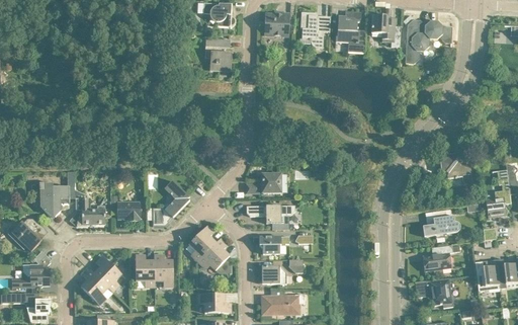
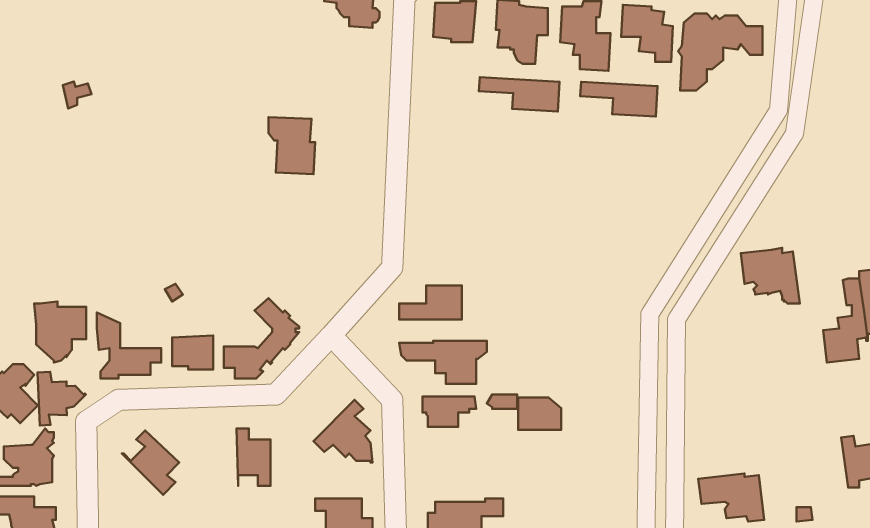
building: [205,38,232,71] -> [269,117,315,174]
building: none -> [479,77,559,111]
building: none -> [580,82,658,117]
building: [422,209,460,237] -> none
building: none -> [38,372,86,425]
building: [188,225,221,261] -> none
building: [423,245,452,272] -> none
building: [136,254,155,287] -> none
building: [474,259,500,291] -> none
building: [262,265,286,283] -> [518,397,561,430]
building: [81,268,108,305] -> none

